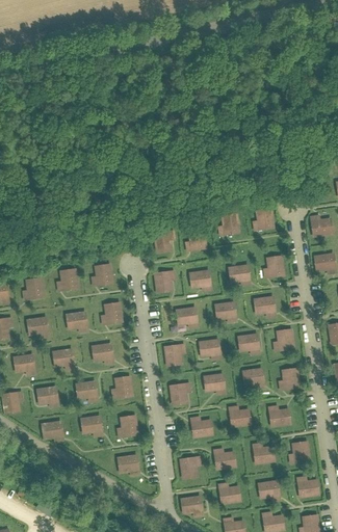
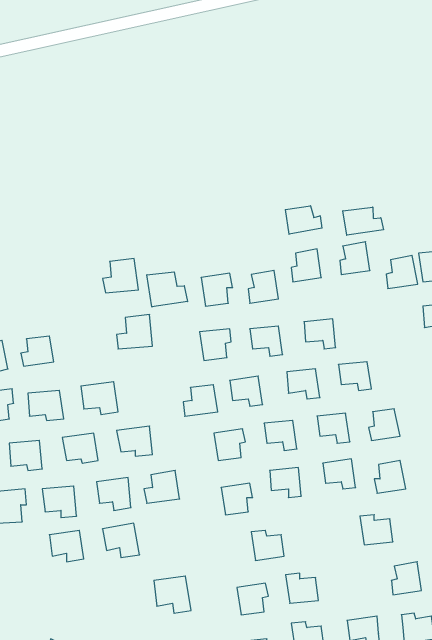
building: none -> [285,206,322,234]
building: none -> [343,207,383,235]
building: none -> [147,272,188,307]
building: [264,257,287,281] -> [386,255,418,288]
building: [56,266,82,291] -> [103,259,138,293]
building: [101,302,126,325] -> [183,385,218,416]
building: [229,407,253,429] -> none
building: [116,414,142,436] -> none
building: [253,446,277,468] -> none

